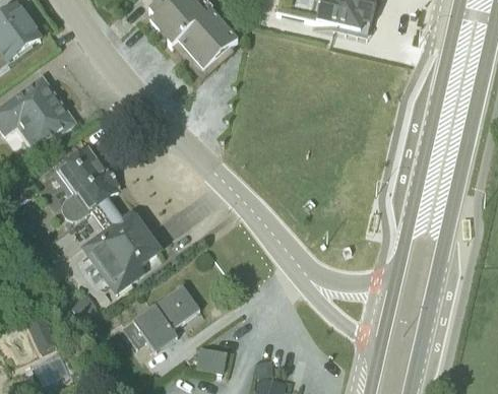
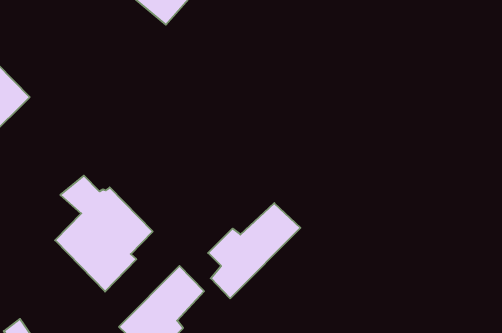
building: [56,144,120,218] -> none
building: none -> [208,203,300,298]

